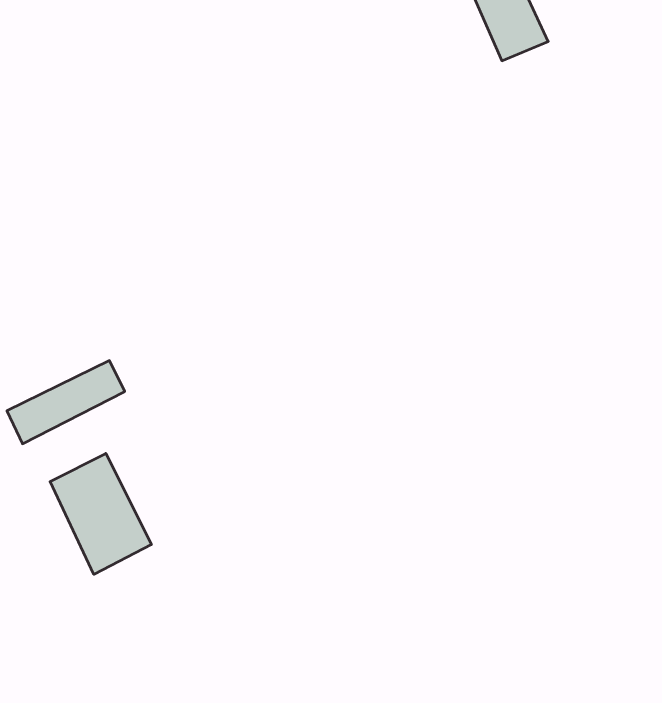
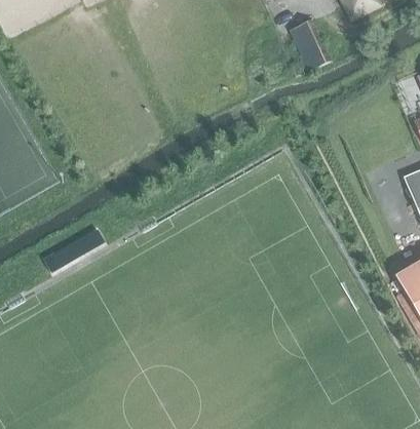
building: [50,453,151,574] -> none

